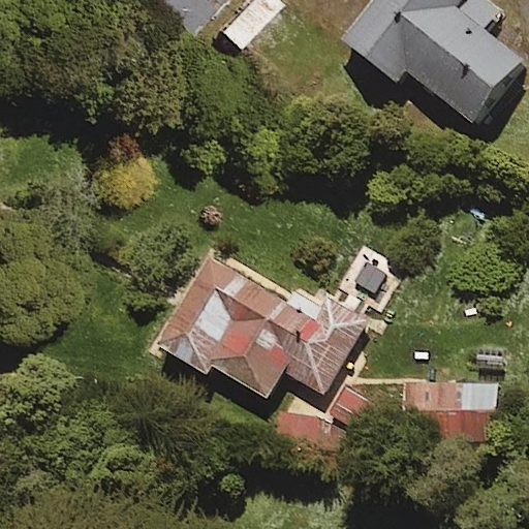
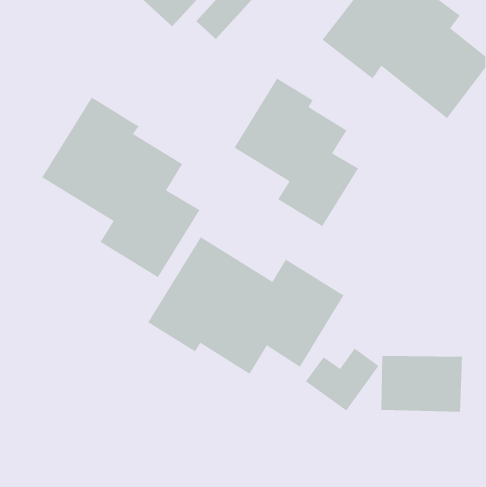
building: none -> [234,77,359,227]
building: none -> [41,96,200,278]

